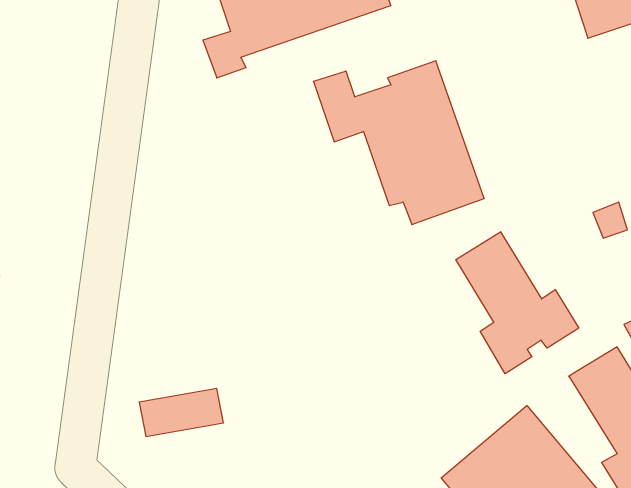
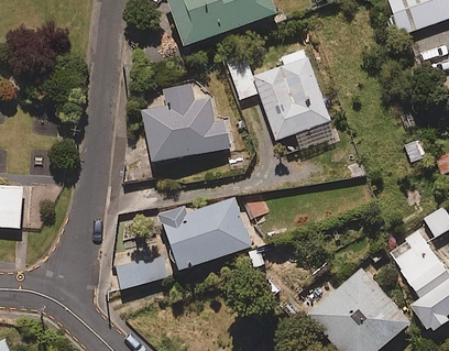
building: none -> [139,80,230,163]
building: [456,232,579,374] -> none
building: none -> [157,197,252,272]

